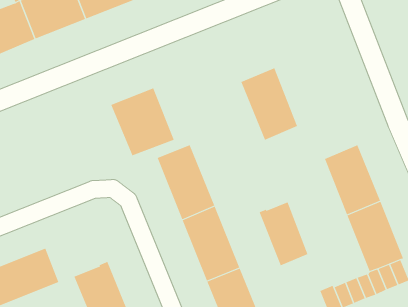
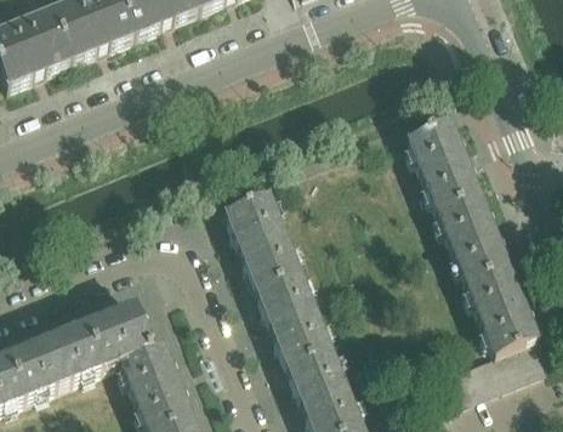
building: [240,68,298,140] -> [405,115,478,208]
building: [110,88,174,156] -> none
building: [259,202,308,266] -> none
building: none -> [83,300,150,364]

